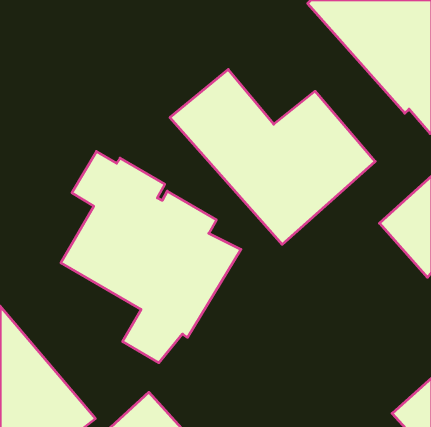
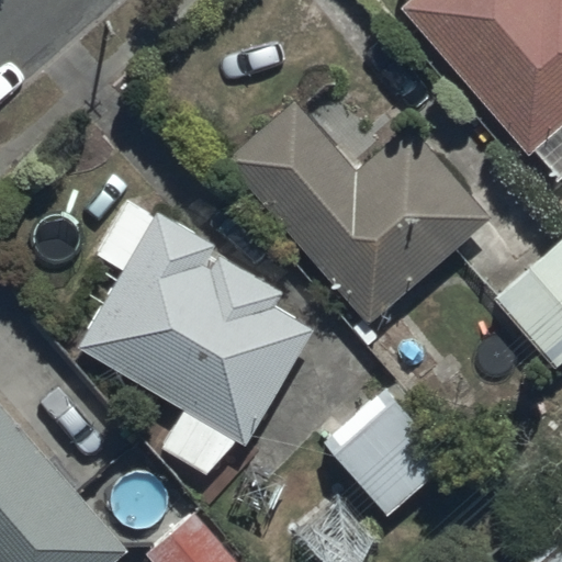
building: none -> [323,391,447,518]

